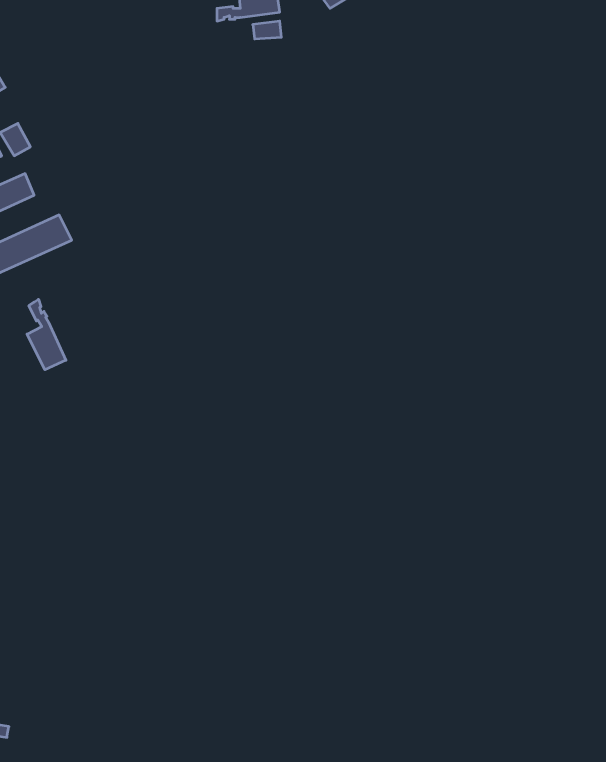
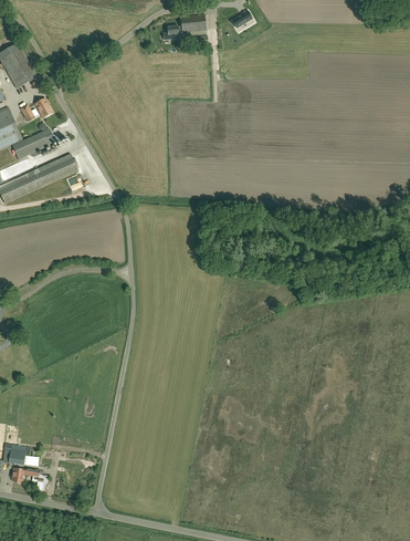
building: [27,299,66,370] -> none

